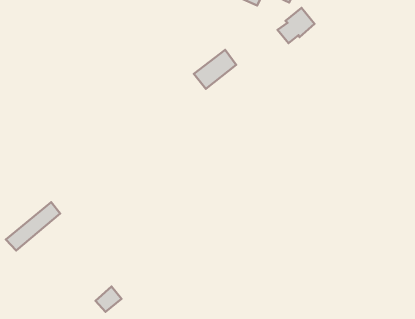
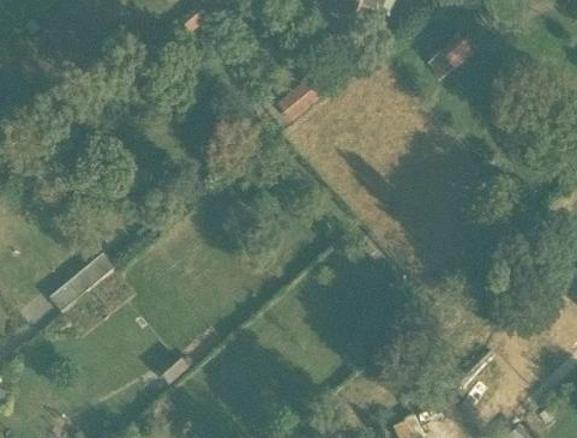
building: [277,8,315,43] -> [426,35,470,77]

